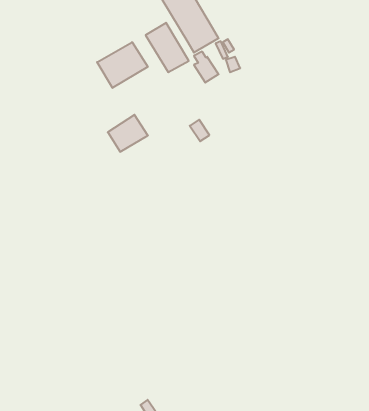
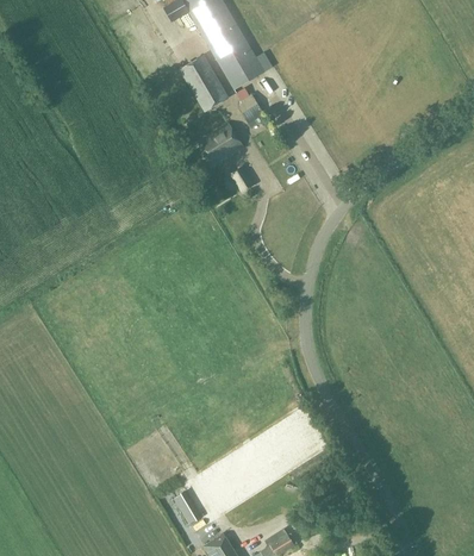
building: [97,42,148,88] -> none
building: [108,115,148,152] -> [198,123,244,165]

